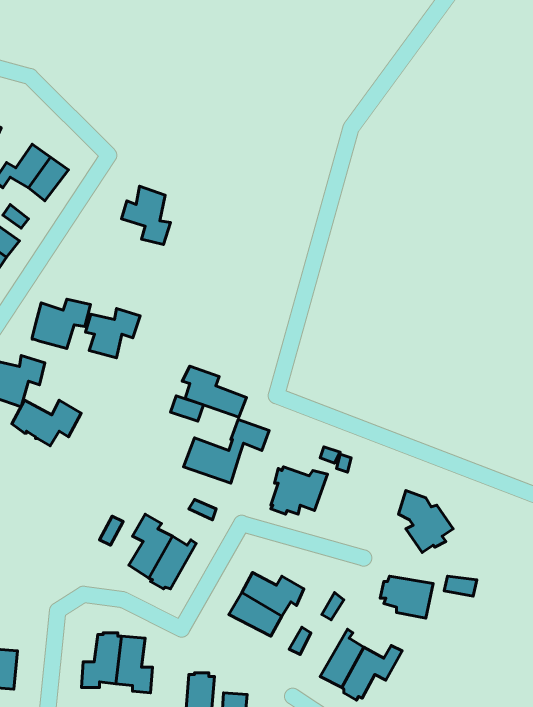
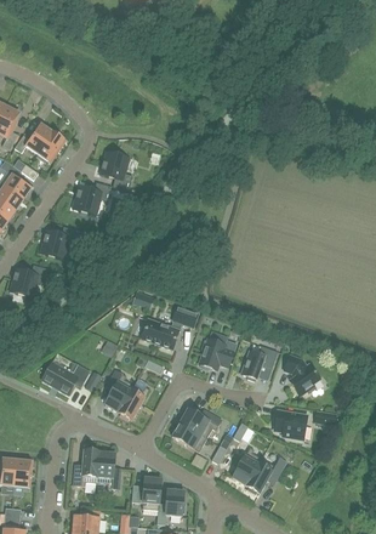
building: [85,309,140,358] -> [75,181,112,214]
building: [182,366,247,417] -> none
building: [12,400,81,446] -> [42,362,89,392]
building: none -> [240,345,278,380]

